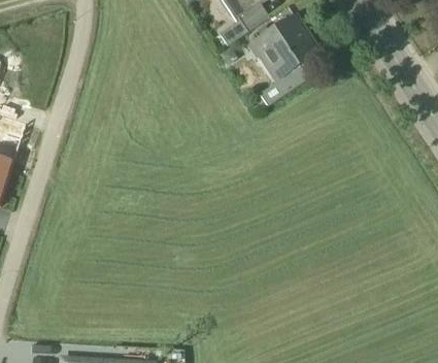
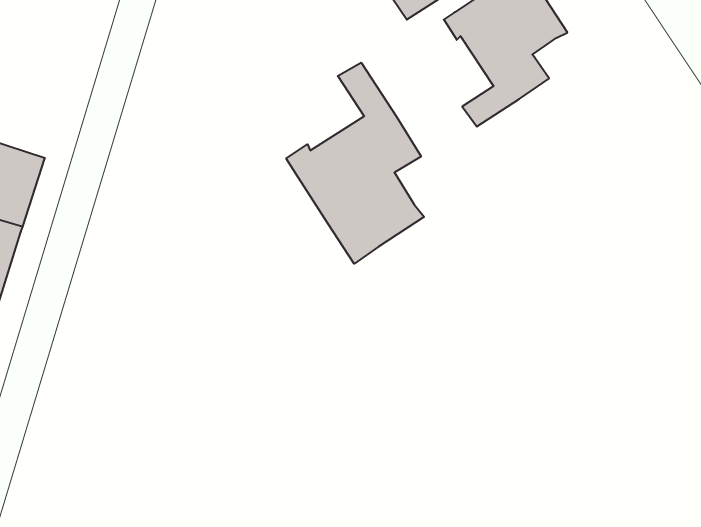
building: none -> [286,63,424,264]

